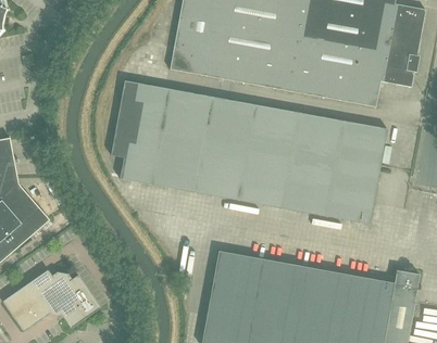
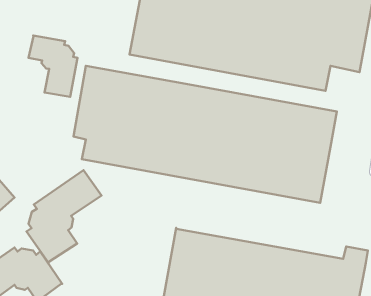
building: none -> [29,36,77,97]
building: none -> [26,170,101,263]

